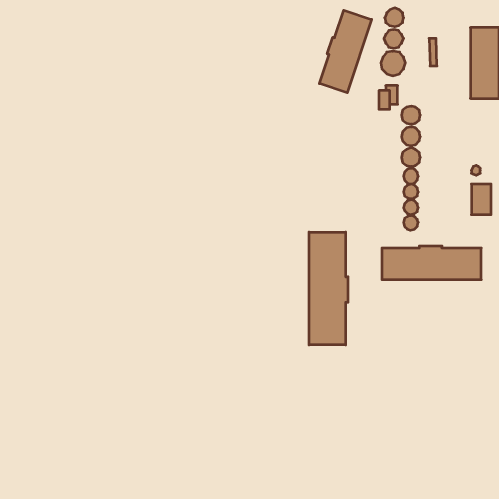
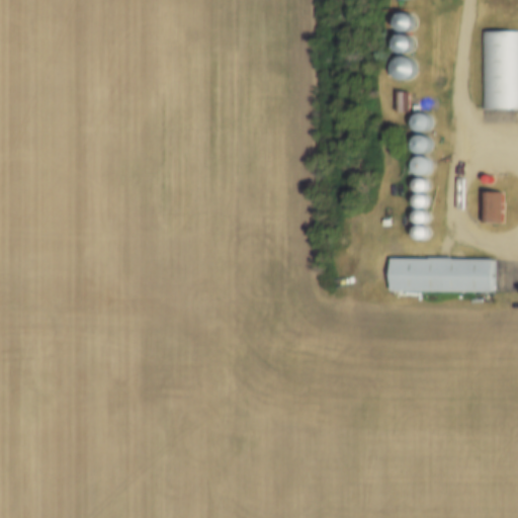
building: [319,10,372,93] -> none
building: [309,232,348,345] -> none

